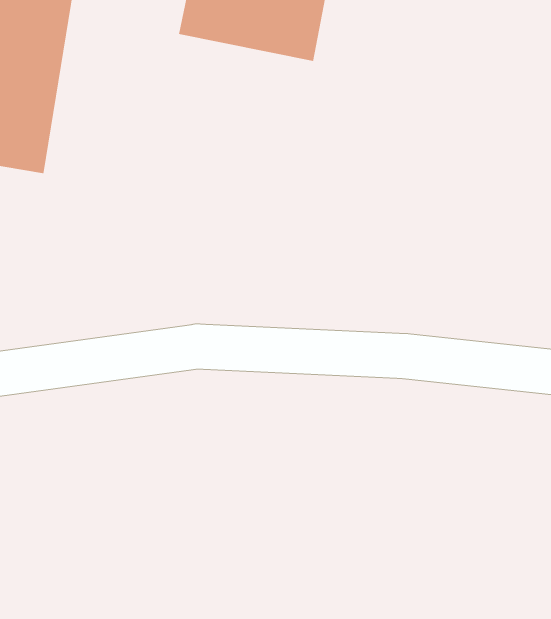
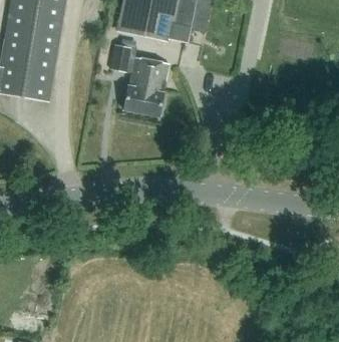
building: none -> [110,45,168,116]

